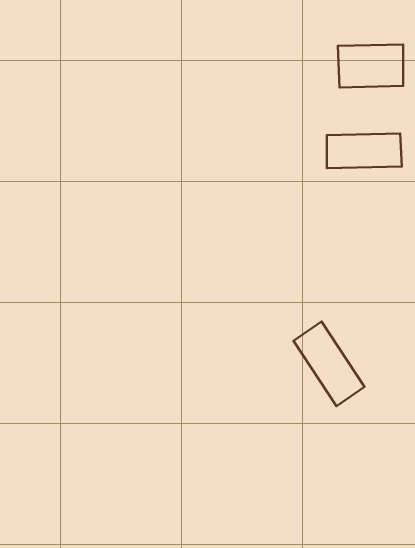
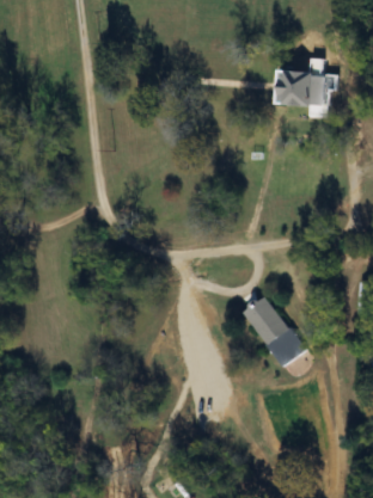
building: [327,134,402,168] -> none

